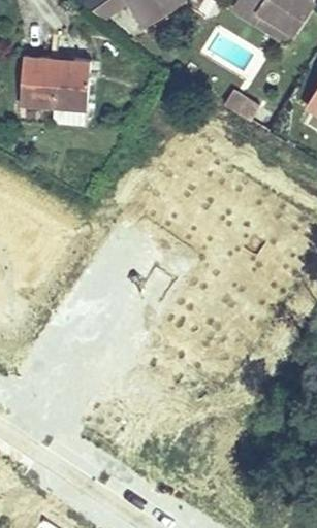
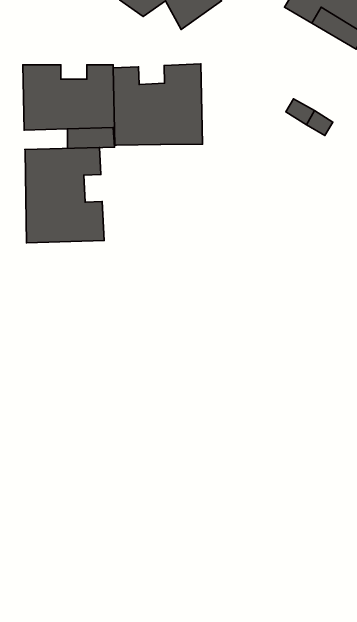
building: none -> [113,64,202,145]
building: none -> [25,148,104,243]

